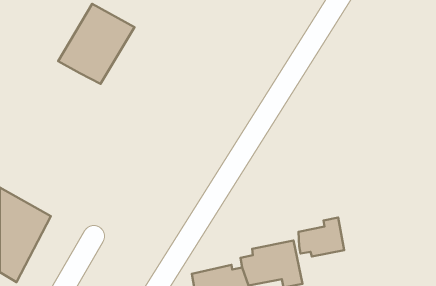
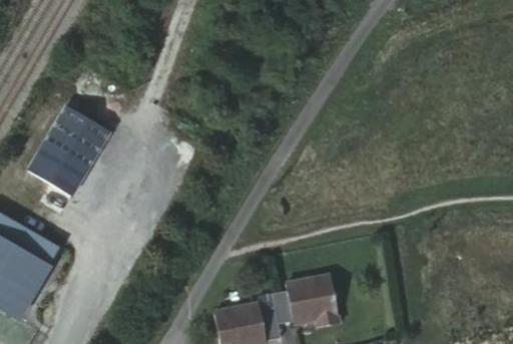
building: [58,4,135,84] -> [26,103,111,193]
building: [298,218,344,257] -> none

